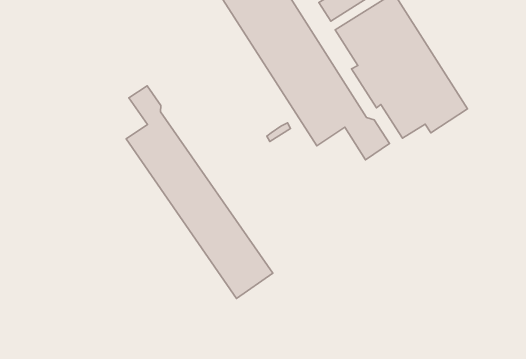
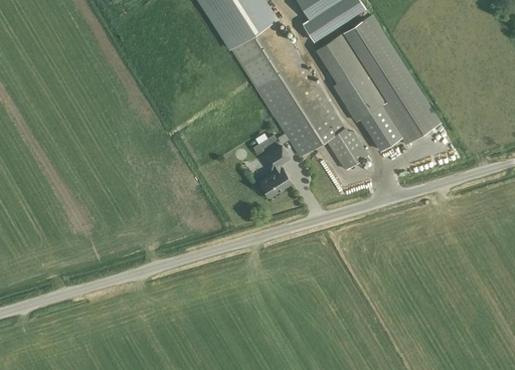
building: [126,86,273,298] -> none
building: none -> [260,147,291,197]

